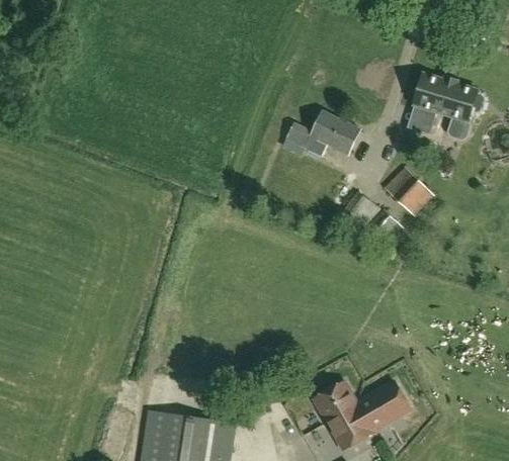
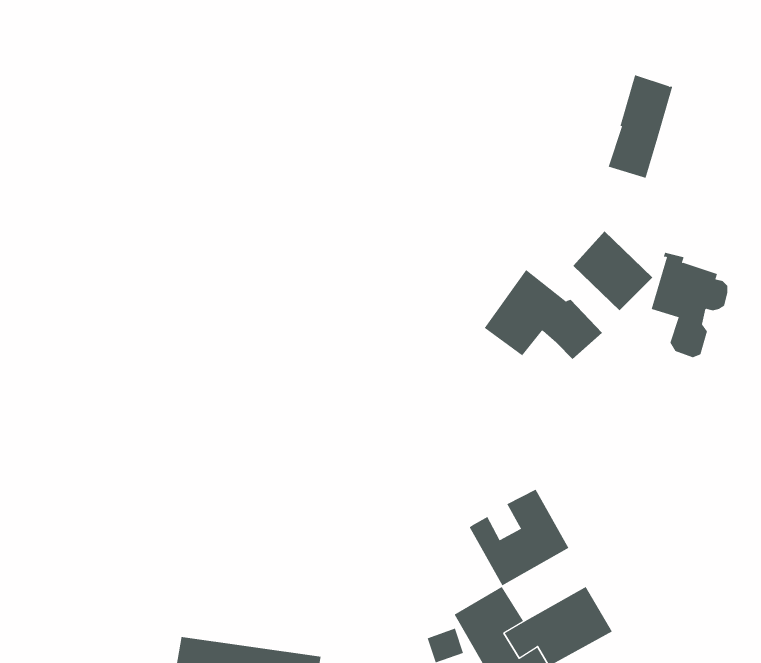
building: [437,78,484,142] -> [651,252,728,358]
building: [286,111,361,156] -> none
building: none -> [469,489,569,586]

